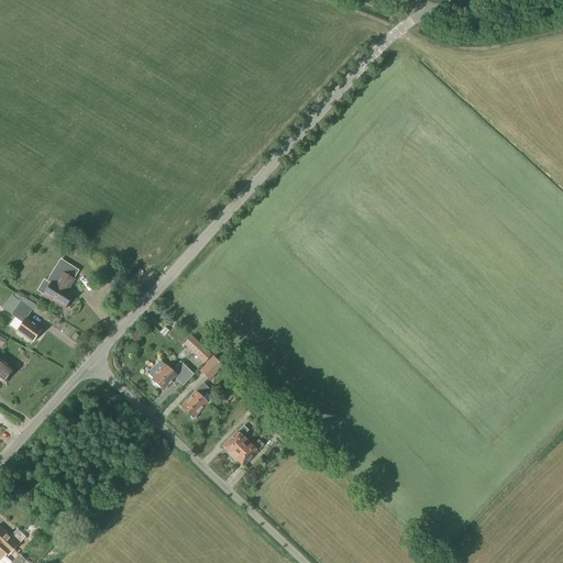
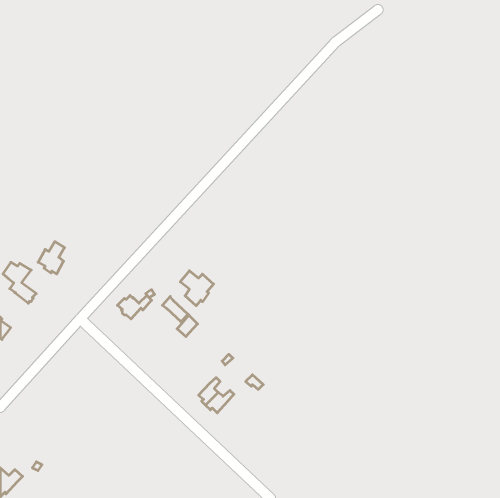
building: none -> [180,271,214,306]
building: [147,362,186,388] -> [117,295,152,319]
building: [180,384,207,418] -> none

